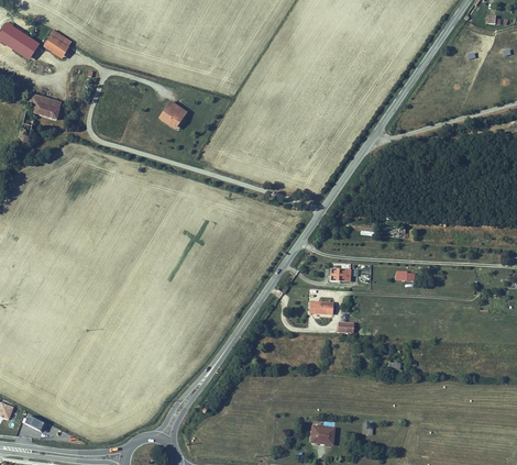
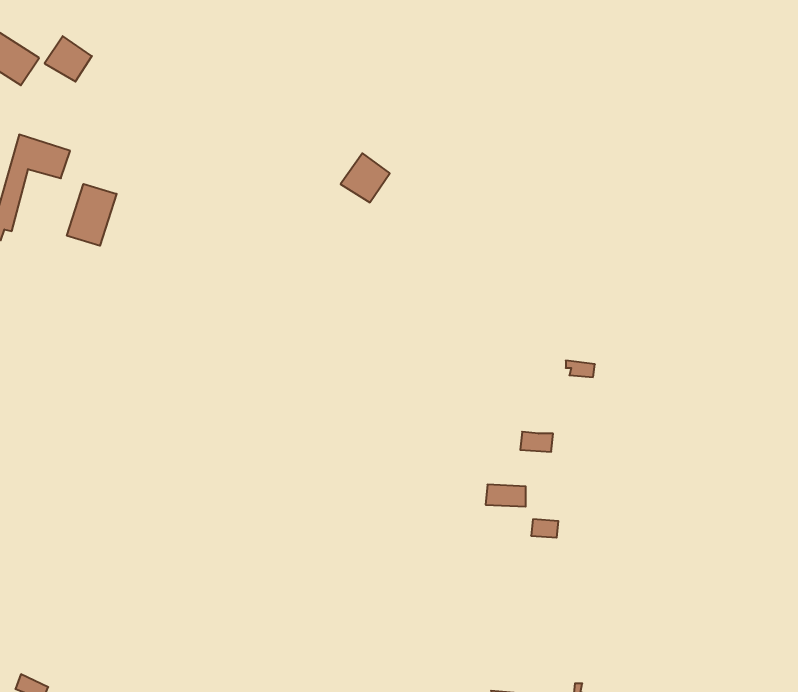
building: [157,99,187,129] -> [341,153,390,202]
building: none -> [67,184,117,246]

